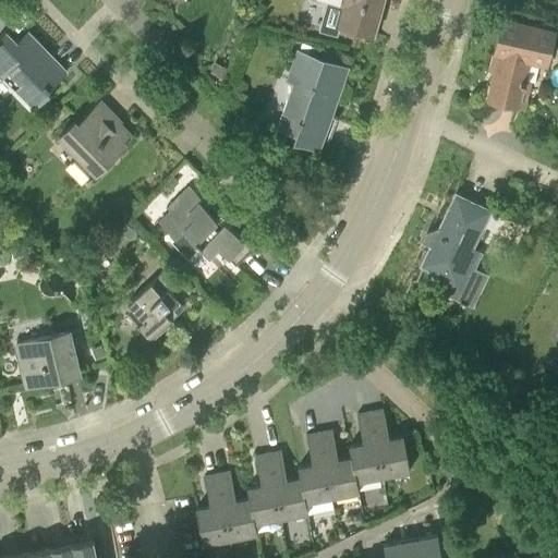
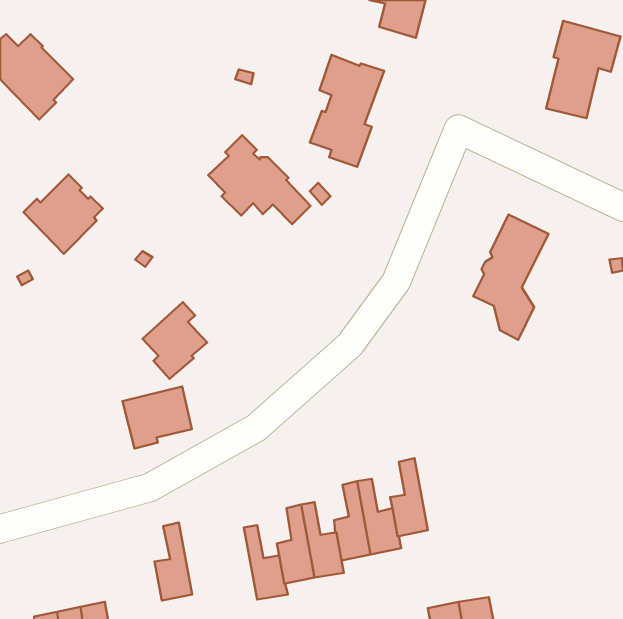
building: [59,106,130,177] -> [23,174,103,254]
building: [159,189,251,268] -> [208,135,311,224]
building: [15,333,77,389] -> [122,386,192,449]
building: [371,411,410,477] -> none
building: [196,475,230,545] -> [154,523,192,600]

